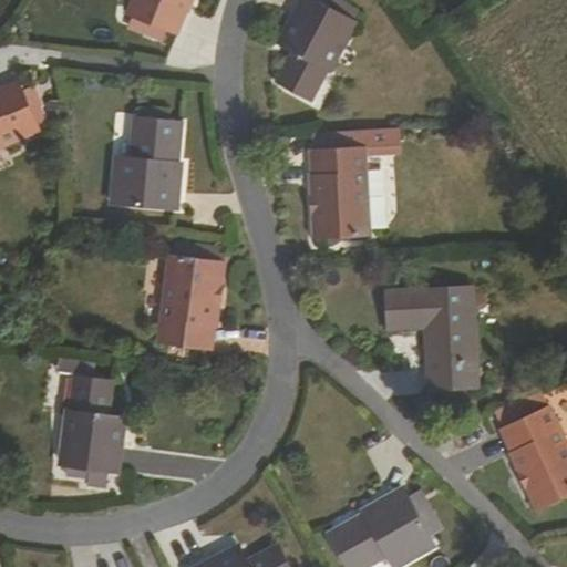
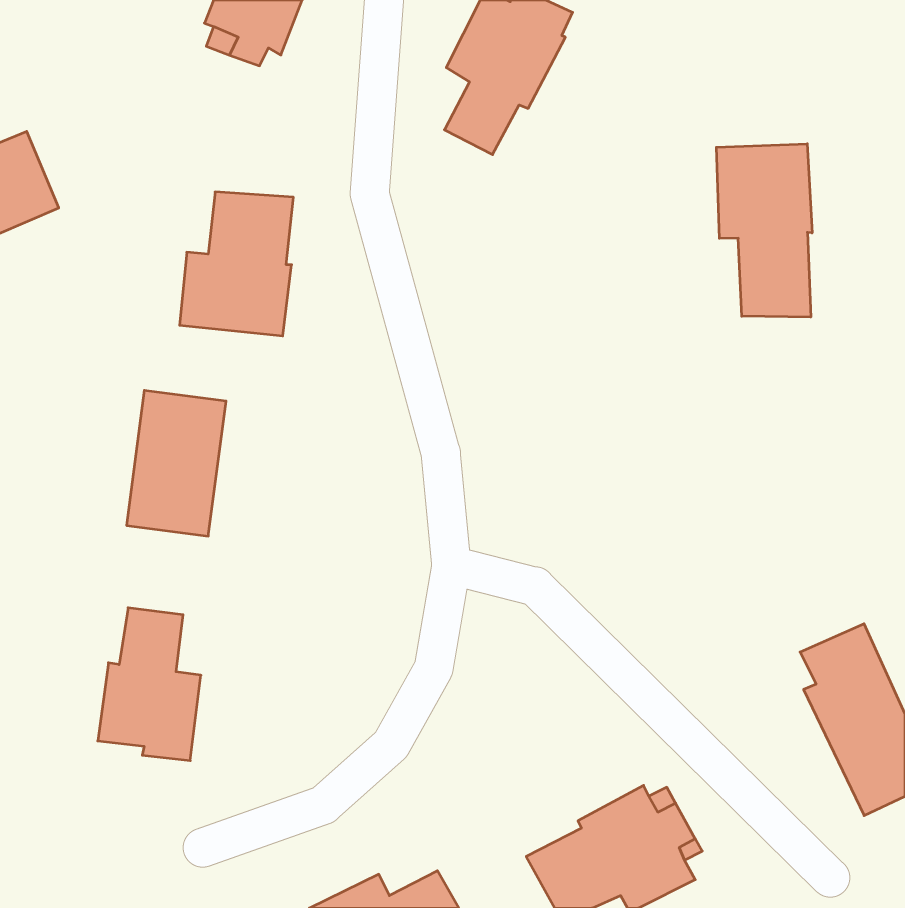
building: none -> [716,144,812,317]
building: [310,126,395,238] -> none
building: [159,256,221,347] -> [127,390,226,536]
building: [386,290,478,393] -> none

